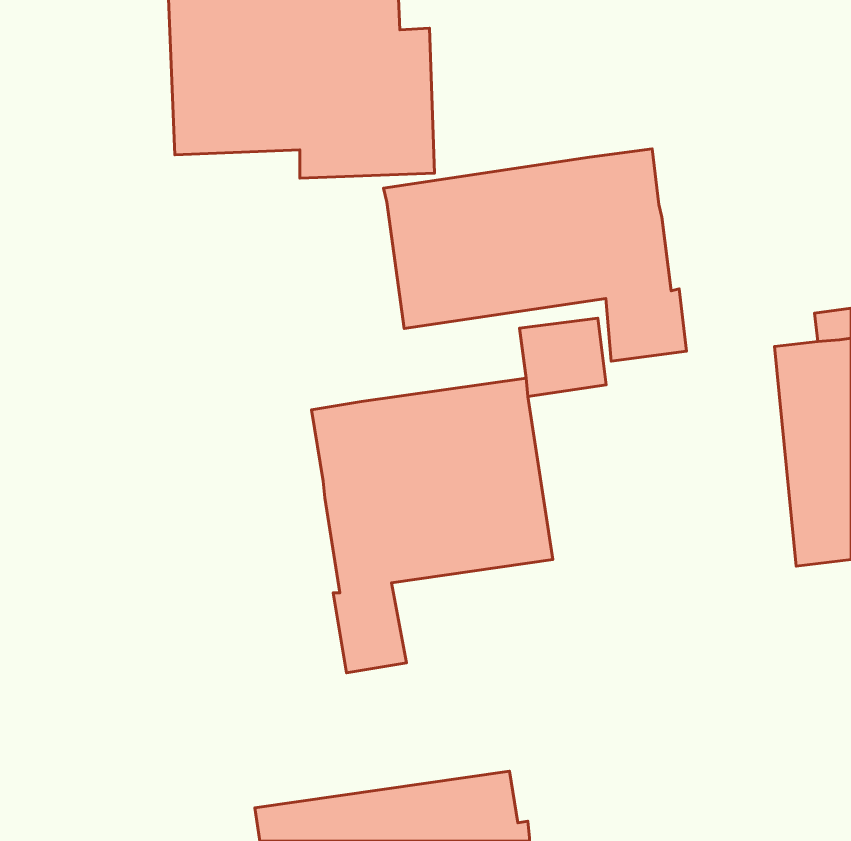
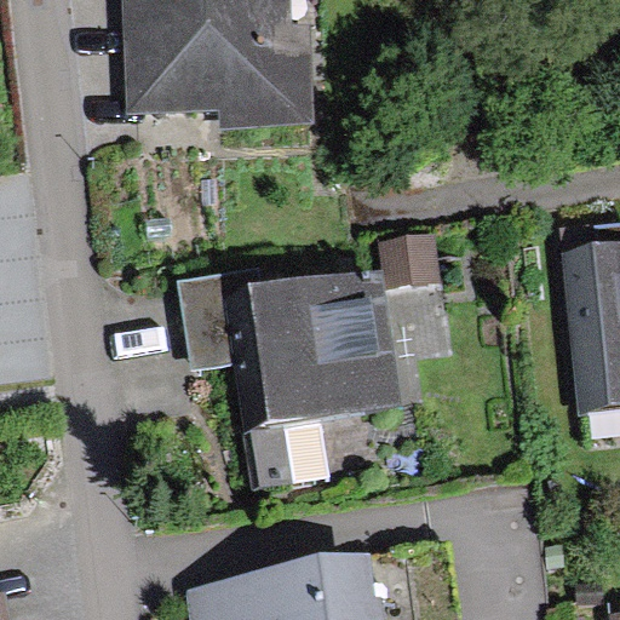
building: [384,149,686,361] -> none
building: none -> [179,268,263,368]

